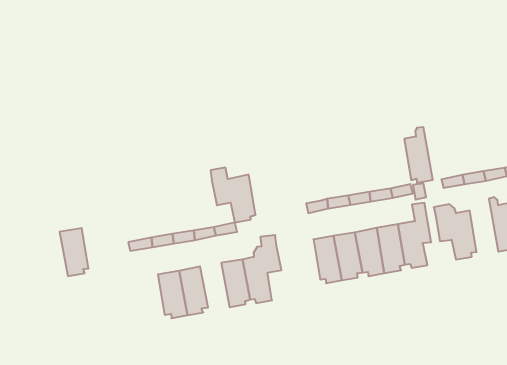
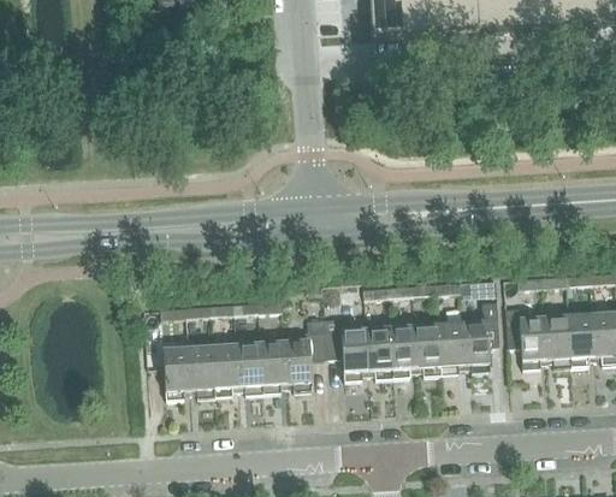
building: [404,127,433,183] -> [546,304,573,366]
building: [211,168,256,223] -> [326,316,371,379]
building: [60,228,89,276] -> [165,347,192,398]
building: none -> [238,342,266,394]

